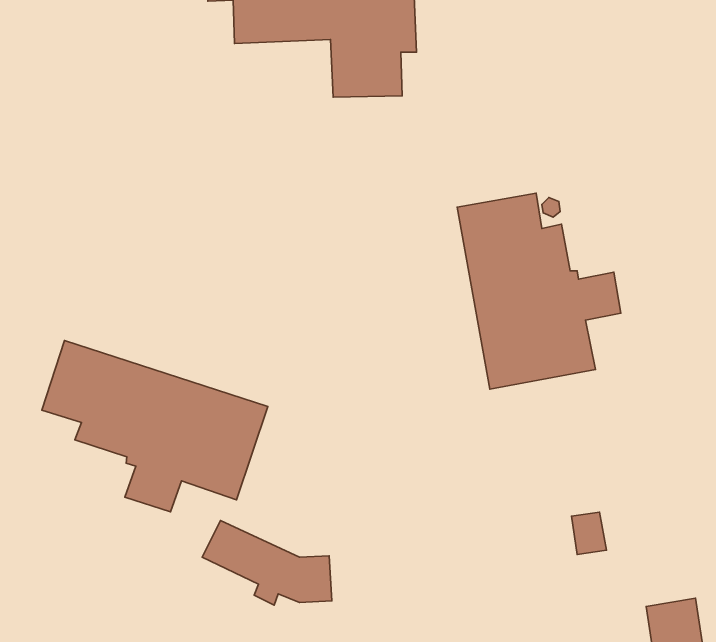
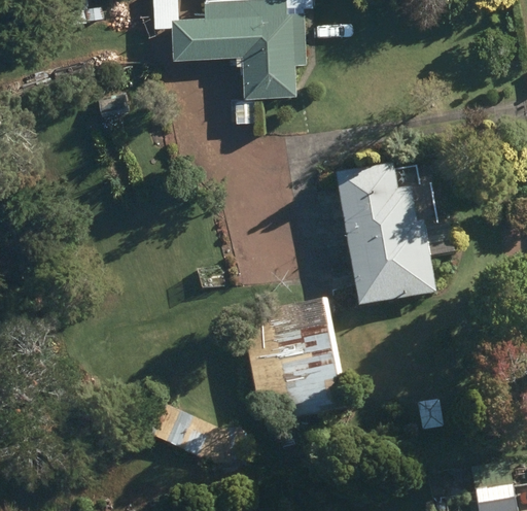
building: [42,341,268,512] -> none
building: none -> [246,300,345,420]

